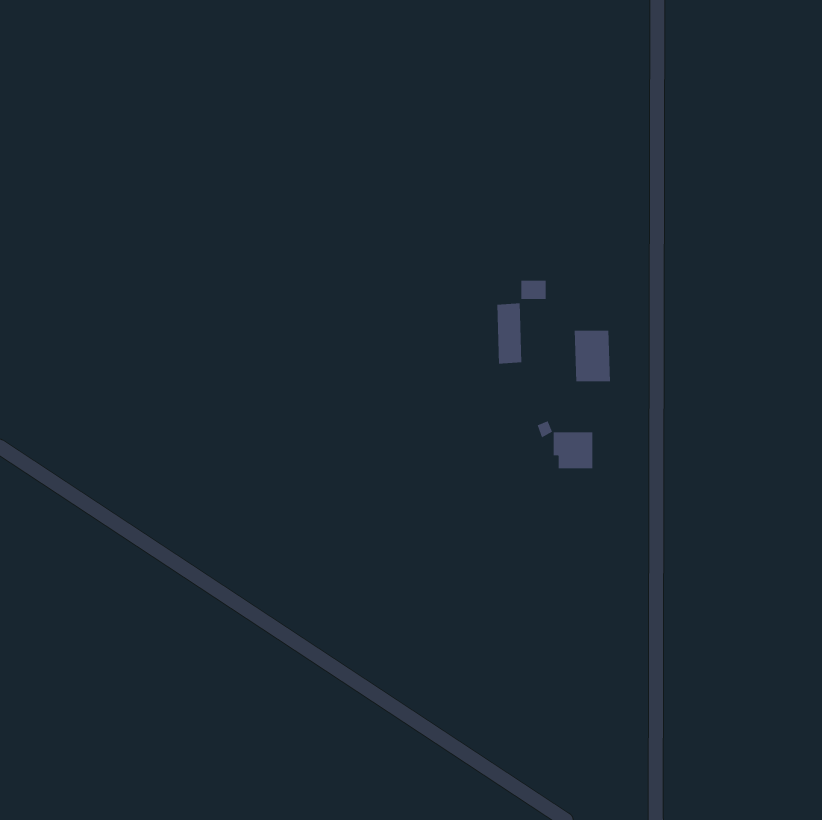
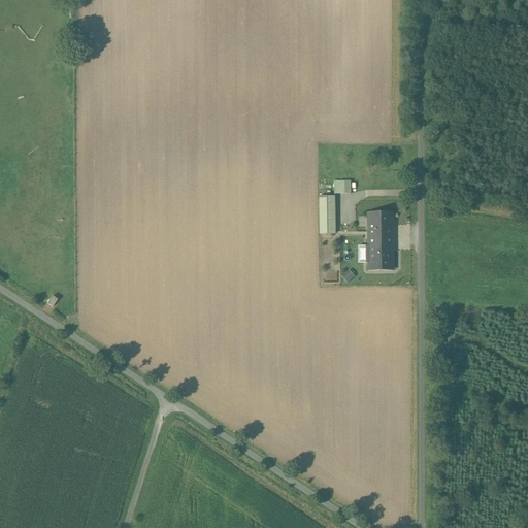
building: [553,432,593,469] -> [365,244,391,268]

